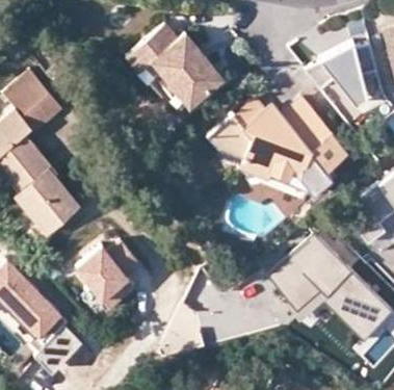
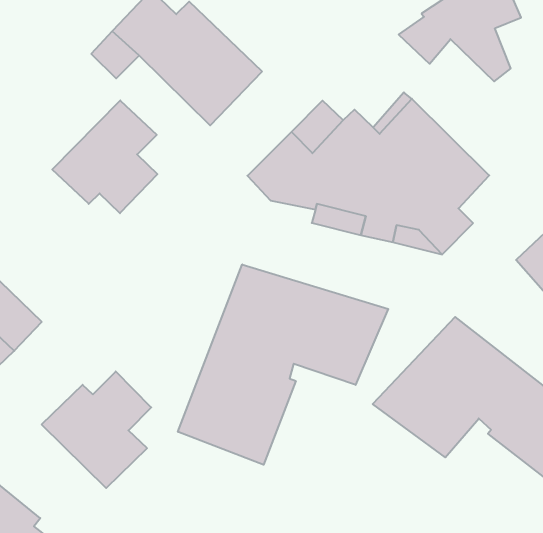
building: none -> [52,100,157,213]
building: none -> [178,264,388,465]

